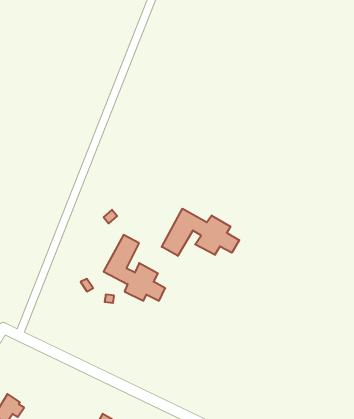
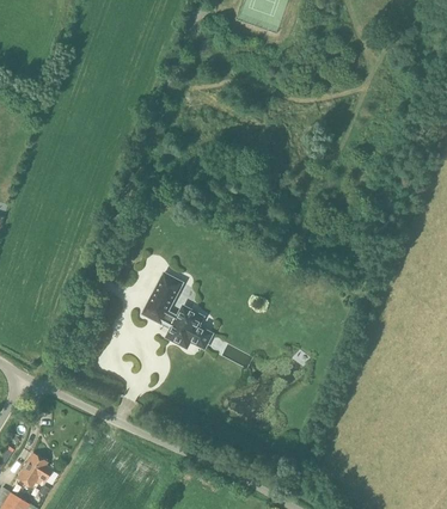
building: [162,209,239,256] -> none

